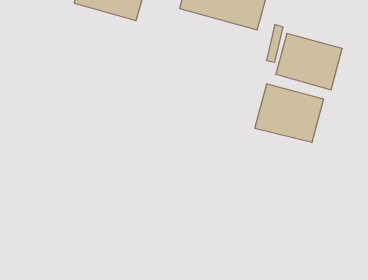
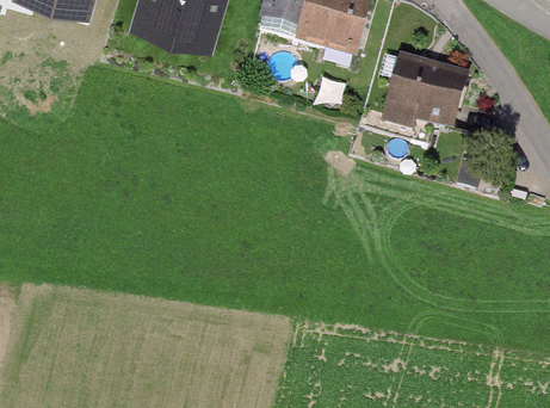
building: [255,84,323,143] -> none

